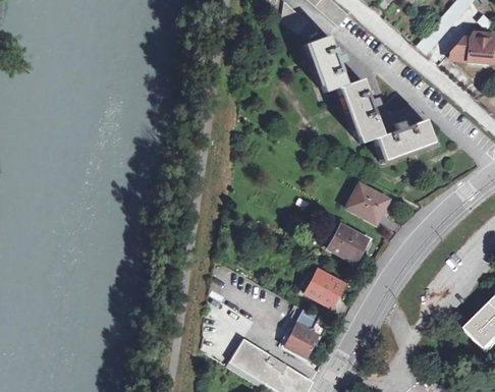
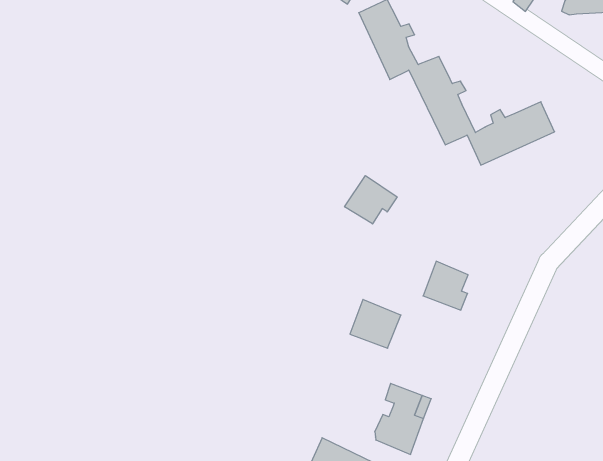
building: none -> [345,176,397,224]
building: [350,183,388,217] -> none
building: [306,269,343,305] -> [350,299,401,348]

